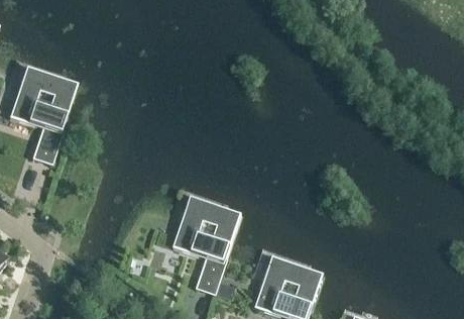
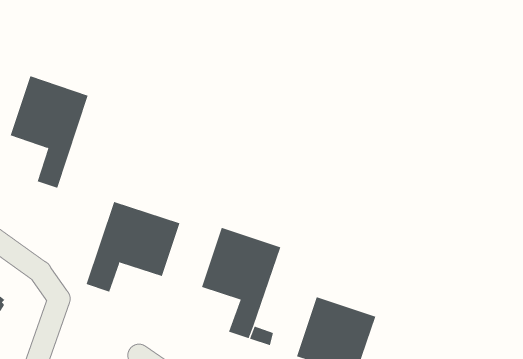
building: none -> [86,201,180,292]

